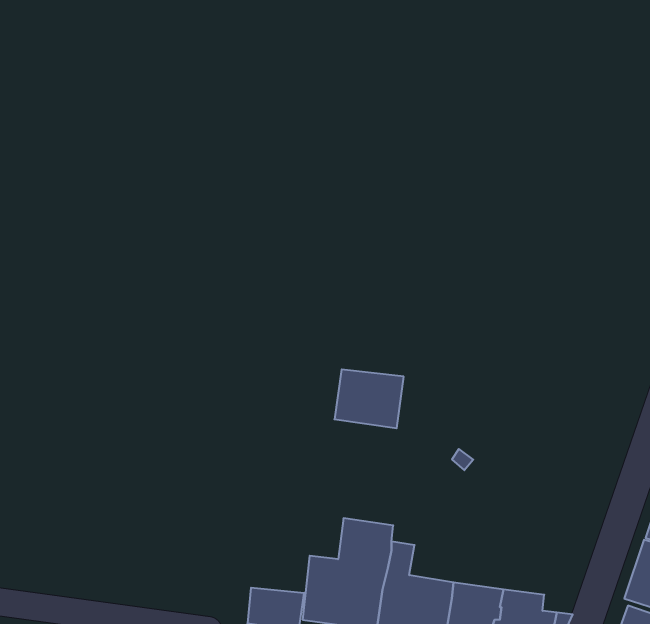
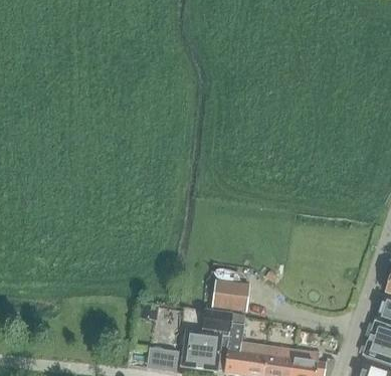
building: [334,369,404,428] -> [211,280,250,314]

